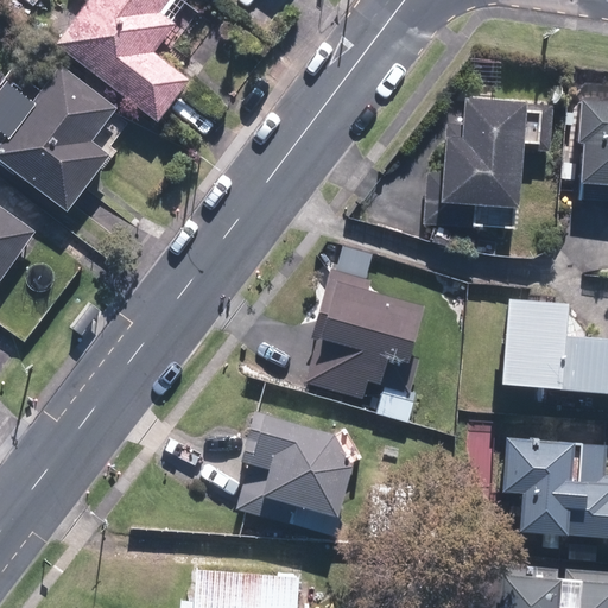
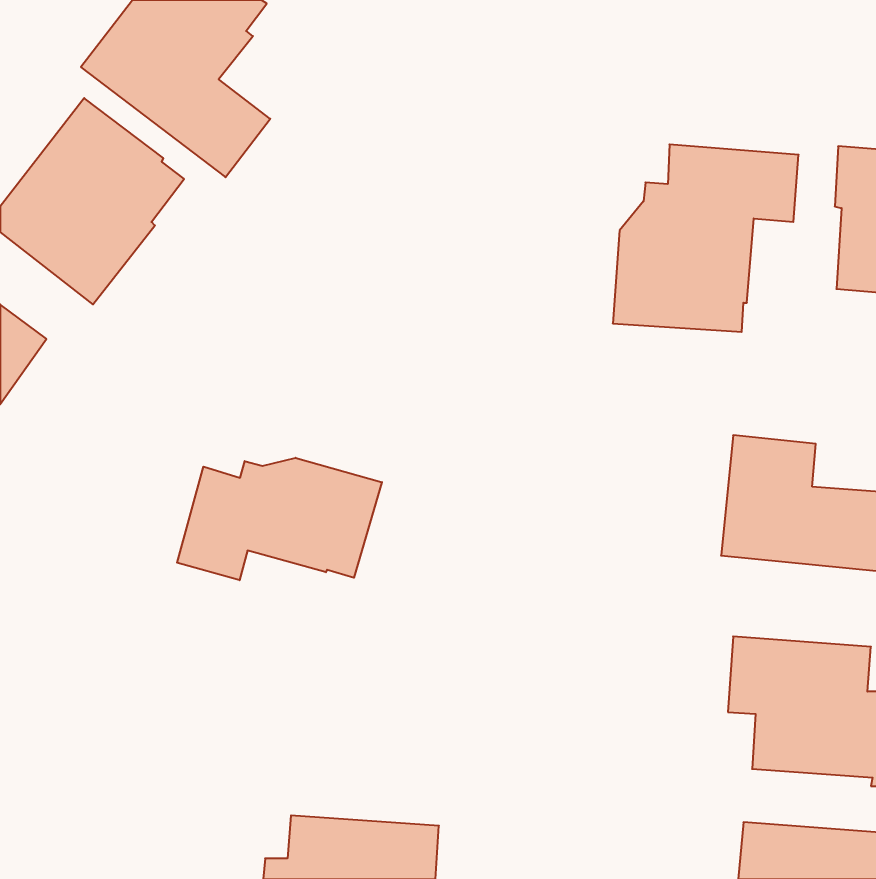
building: [306,271,422,399] -> none
building: none -> [177,458,382,580]
building: [239,413,350,524] -> none

